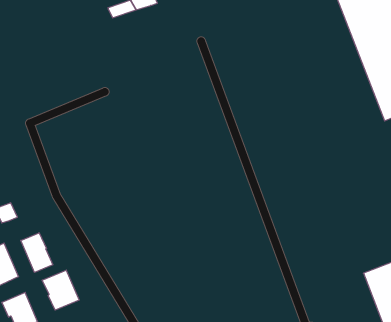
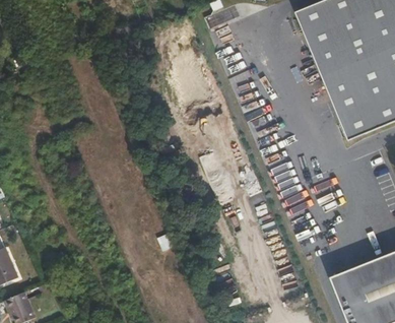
building: [21,233,53,272] -> none
building: [42,270,79,310] -> none

